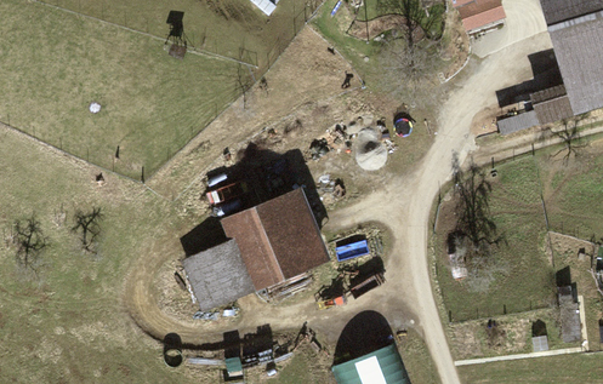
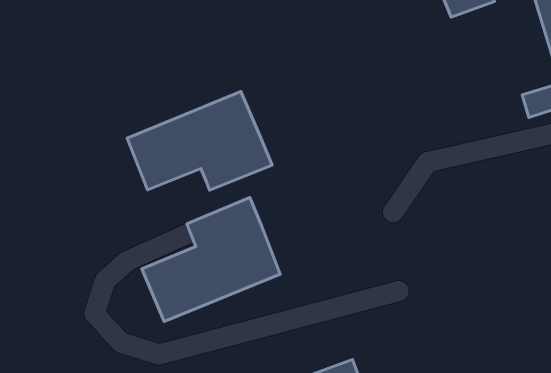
building: none -> [127,91,272,190]

